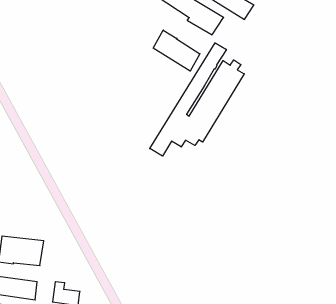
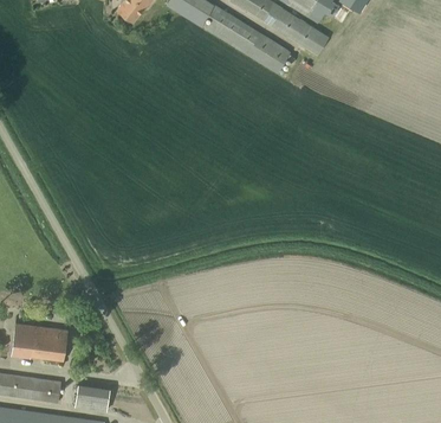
building: [153,30,200,71] -> none
building: [150,43,244,156] -> none

